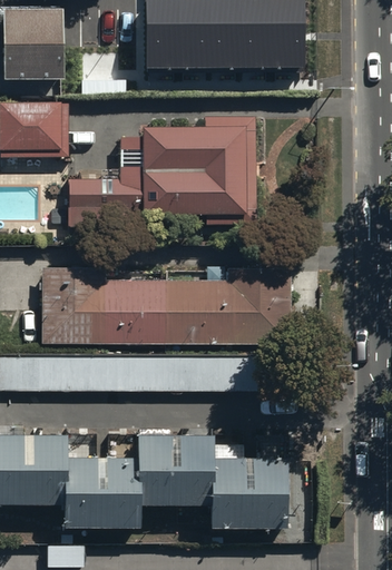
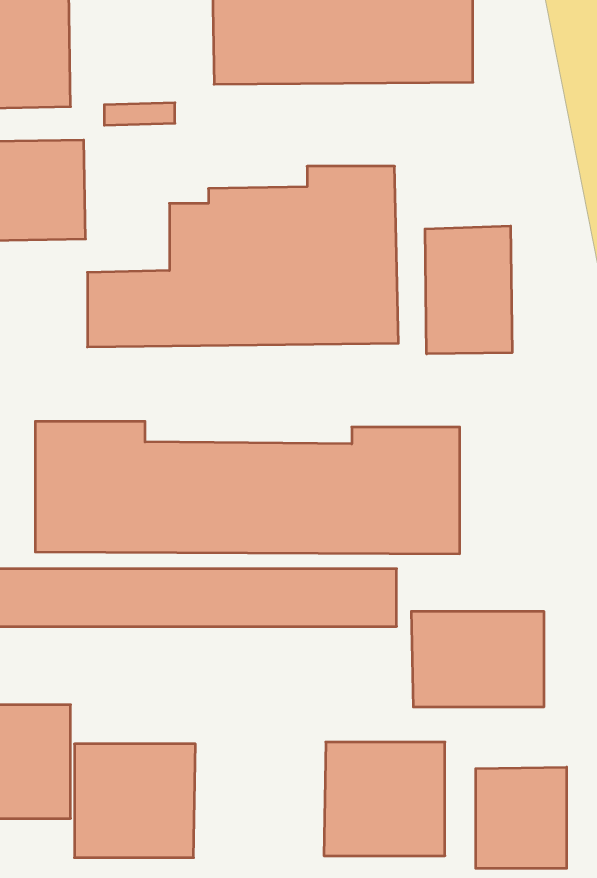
building: none -> [425,226,512,354]
building: none -> [411,611,544,707]
building: [138,436,210,504] -> none
building: none -> [476,767,567,868]

